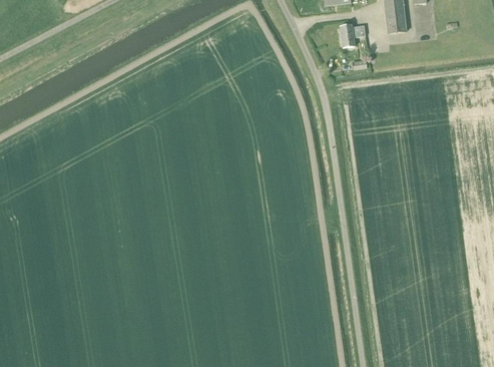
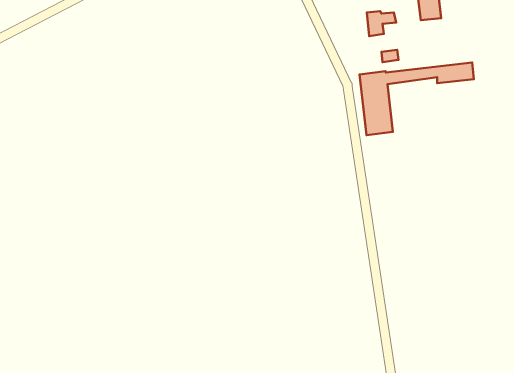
building: none -> [359,62,474,135]

